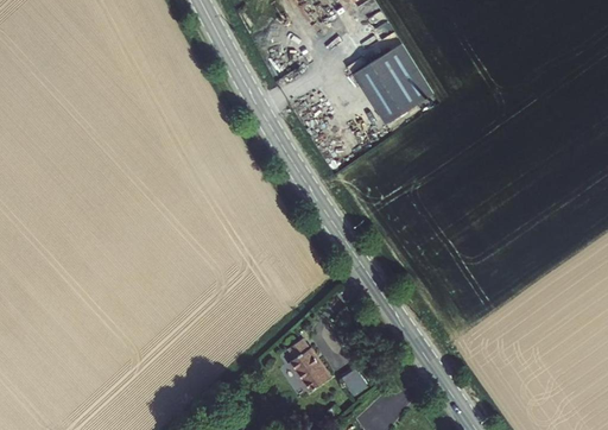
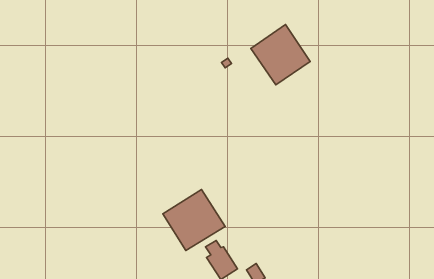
building: none -> [163,189,225,251]

